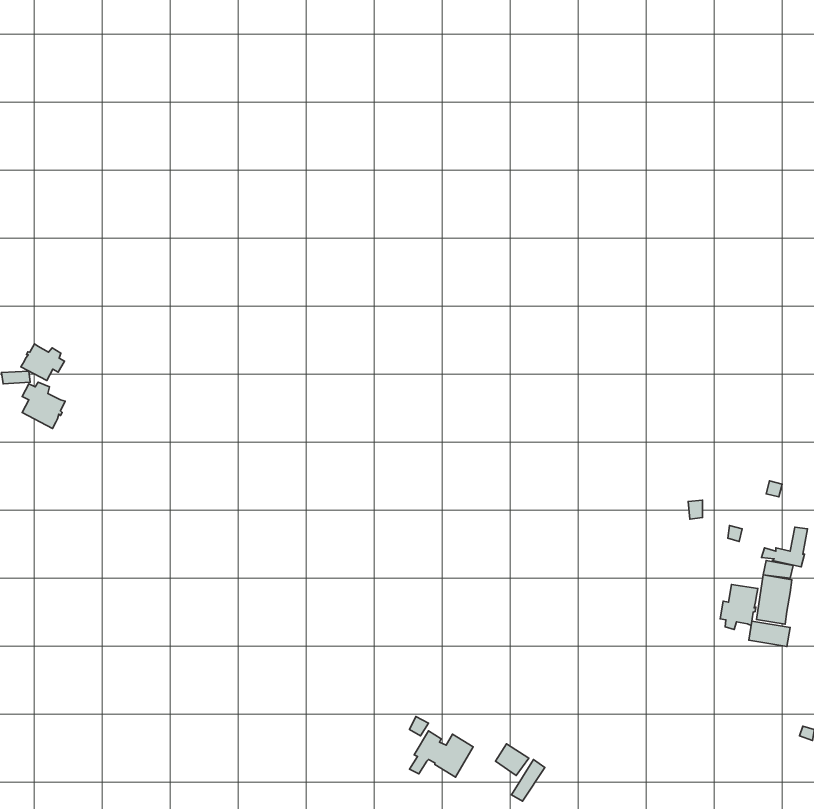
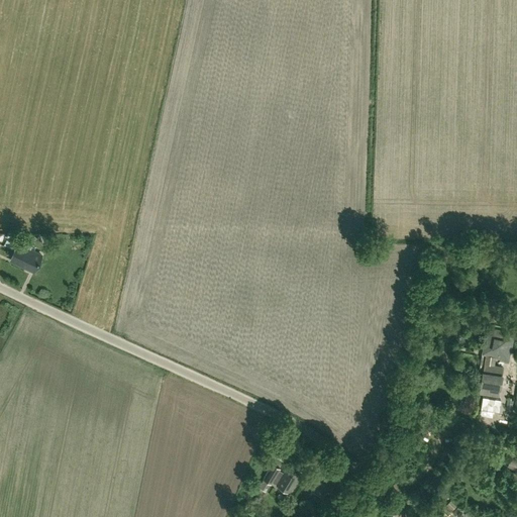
building: [21,344,64,381] -> none
building: [720,585,758,629] -> none

